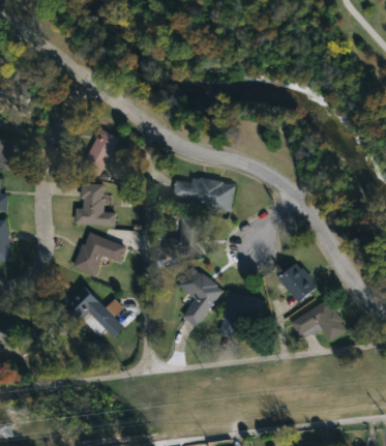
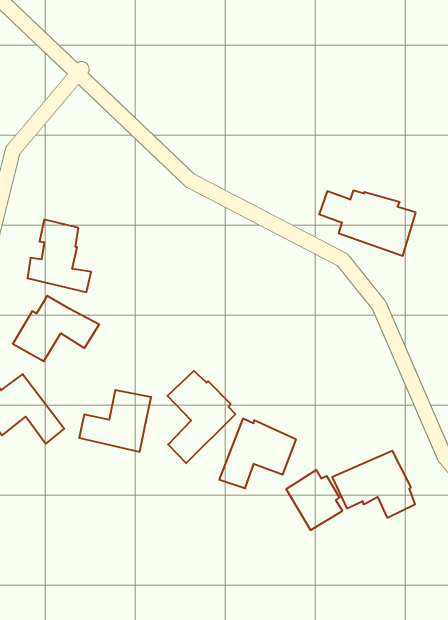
building: [82,130,119,177] -> none
building: [173,179,235,216] -> [319,190,416,256]
building: [162,218,205,256] -> [79,390,151,452]
building: [278,264,317,303] -> [286,470,342,530]

